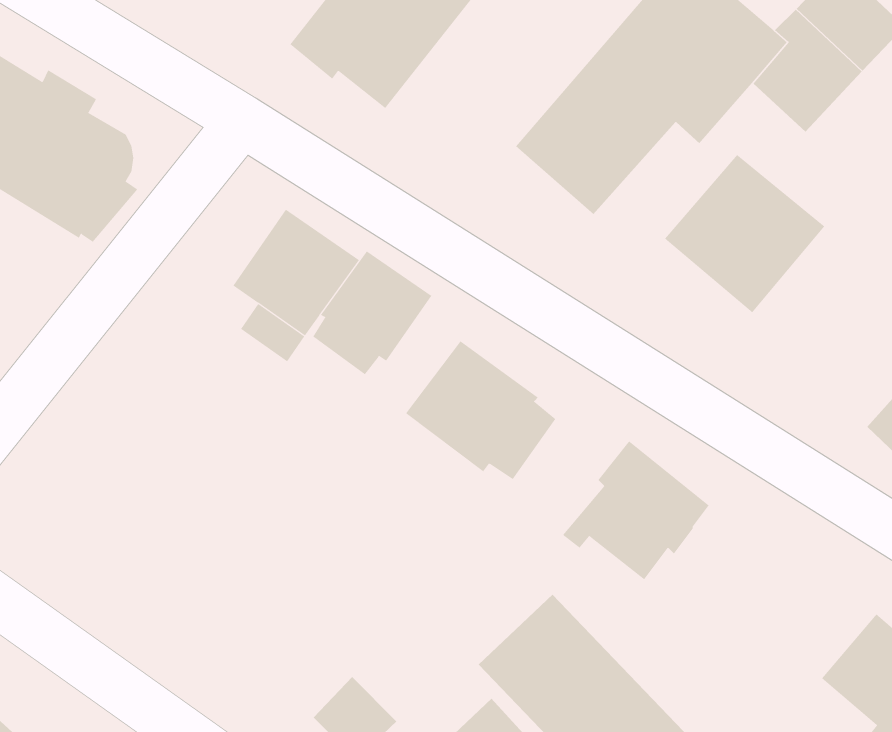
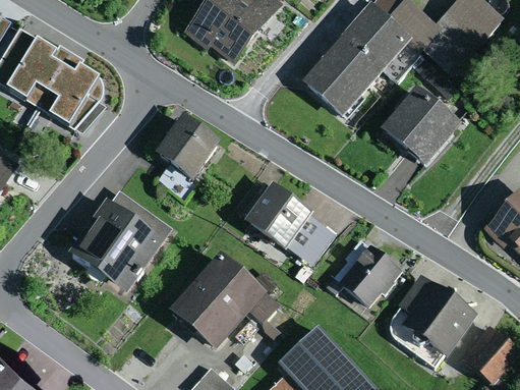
building: [312,251,432,375] -> none
building: none -> [67,188,172,296]
building: none -> [169,254,280,352]
building: none -> [389,272,478,368]

